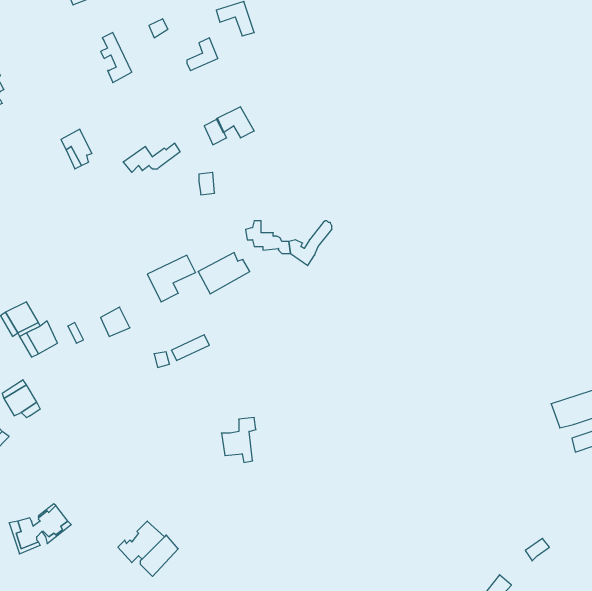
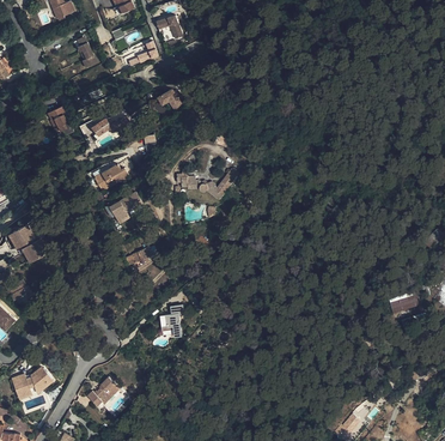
building: [198,253,250,294] -> [92,163,128,192]

